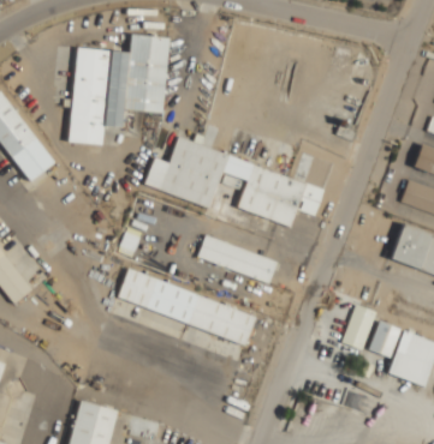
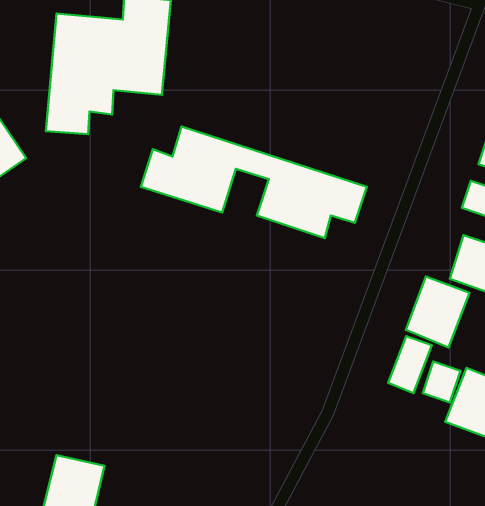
building: [197,235,278,282] -> none
building: none -> [406,276,470,348]
building: [117,269,255,344] -> none

